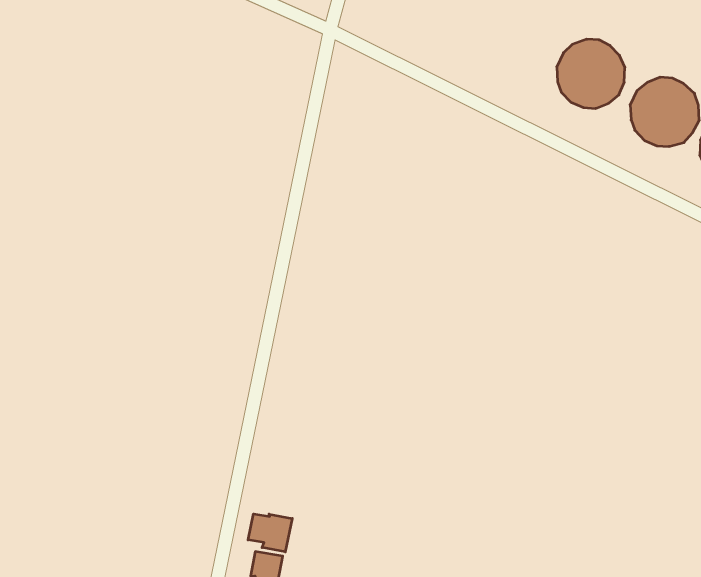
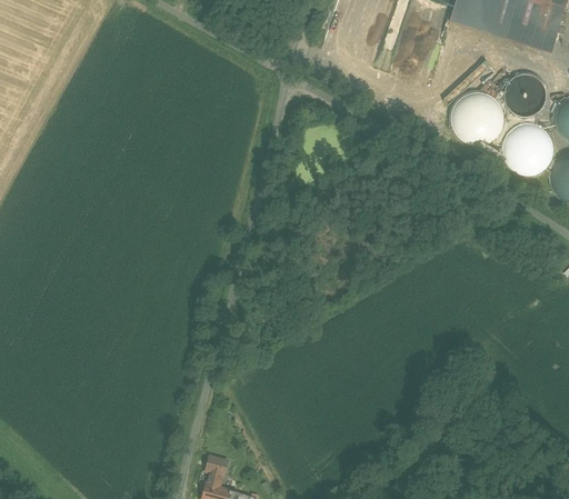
building: none -> [503,73,546,117]
building: [248,514,292,552] -> none

